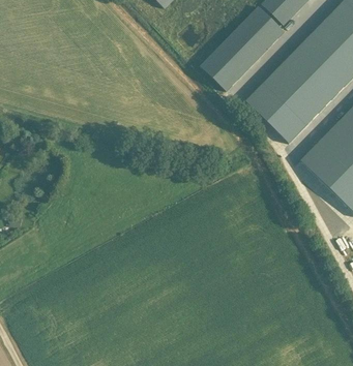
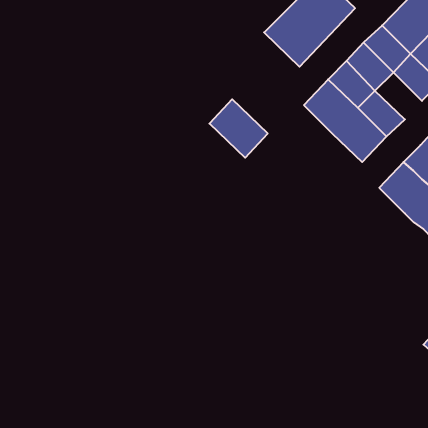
building: [201,48,243,90] -> [209,99,268,158]
building: [298,77,332,111] -> none

